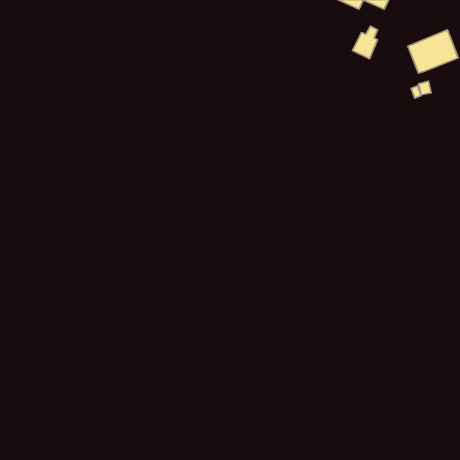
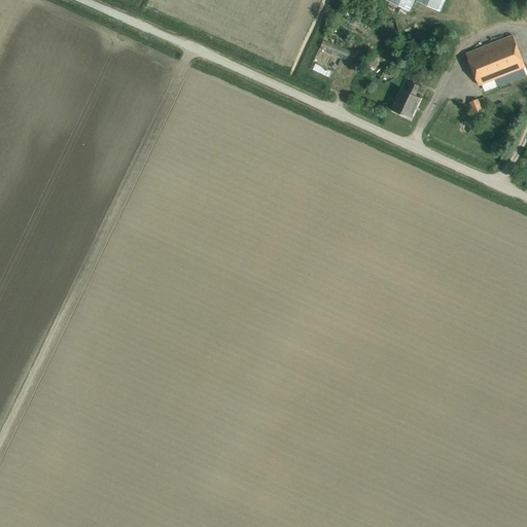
building: [352,26,378,59] -> [390,80,419,117]

